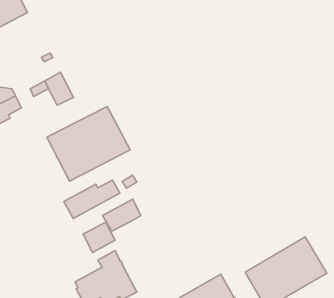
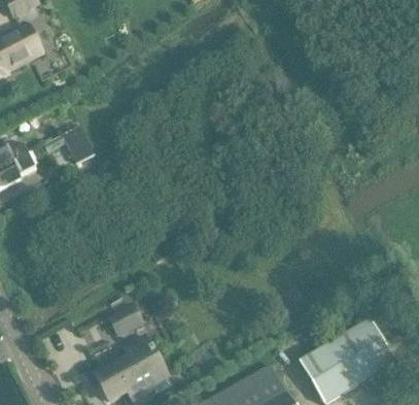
building: [47,106,130,181] -> none
building: [64,180,120,218] -> none
building: [103,199,141,231] -> none

